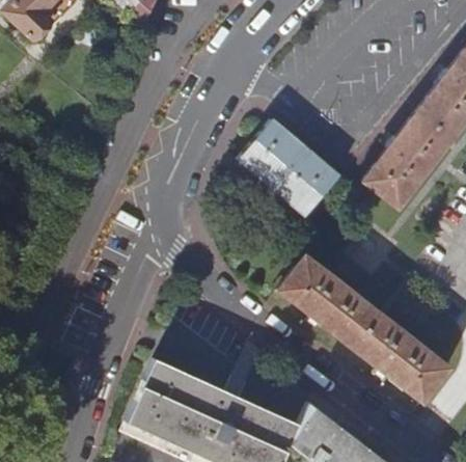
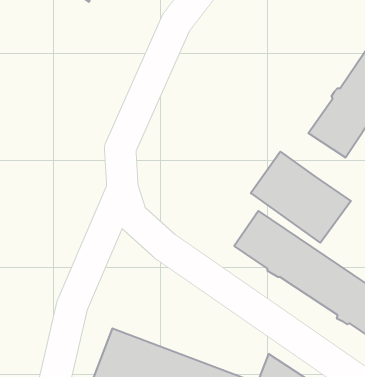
building: [240,119,341,215] -> [251,152,351,243]

